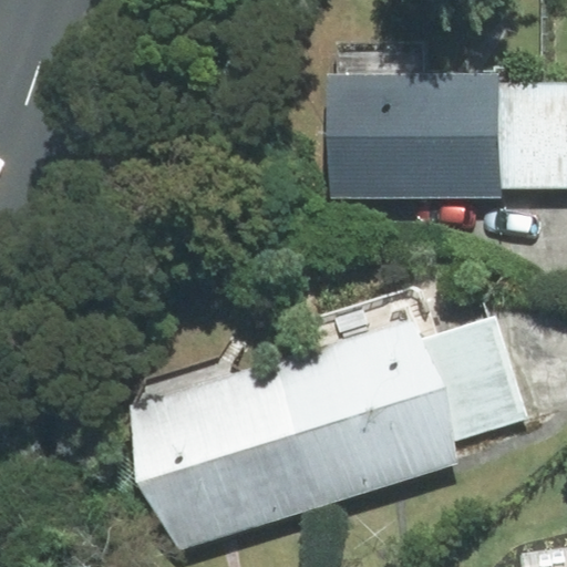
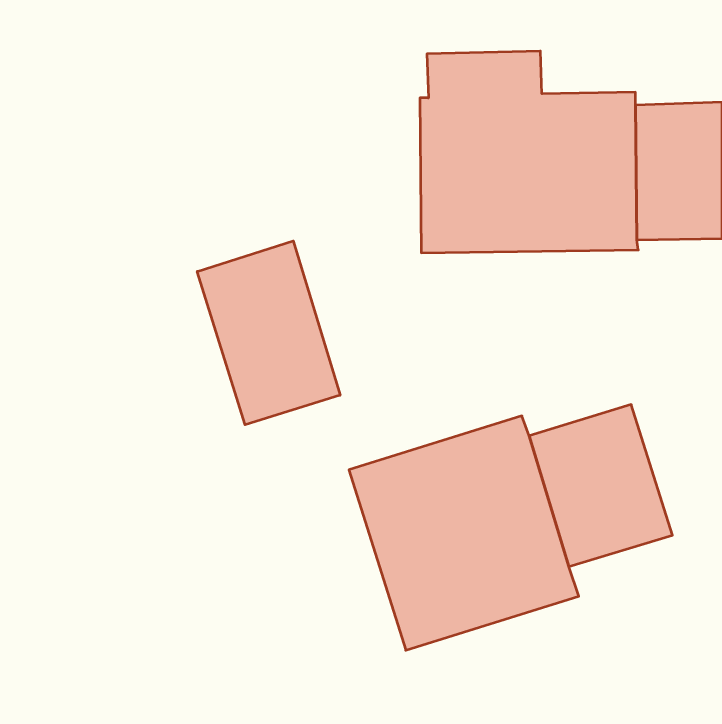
building: none -> [197,241,340,425]
building: [133,367,317,550] -> none

